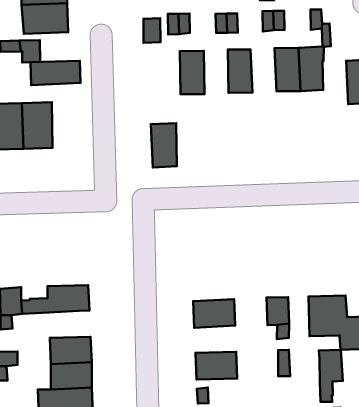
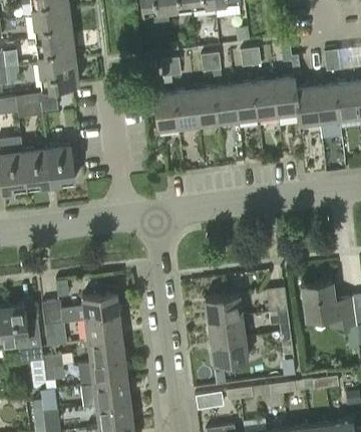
building: none -> [234,80,259,120]
building: none -> [195,85,219,125]
building: [30,61,80,85] -> none
building: none -> [295,85,320,124]
building: [151,123,177,168] -> [153,90,178,130]
building: none -> [85,315,122,342]
building: none -> [209,316,246,343]
building: [319,350,343,402] -> none

